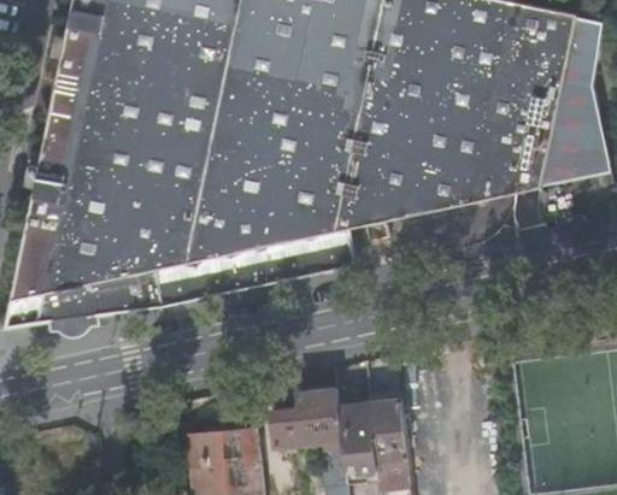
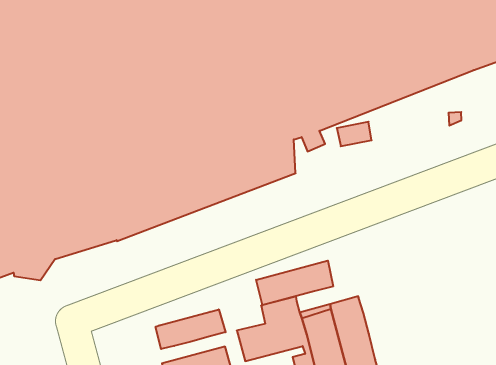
building: none -> [256,261,333,305]
building: none -> [156,309,226,349]

